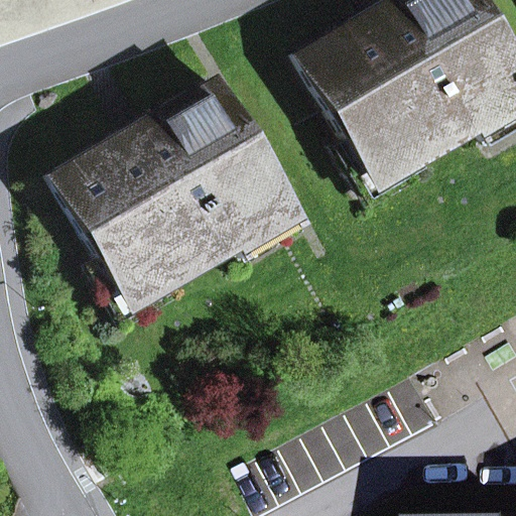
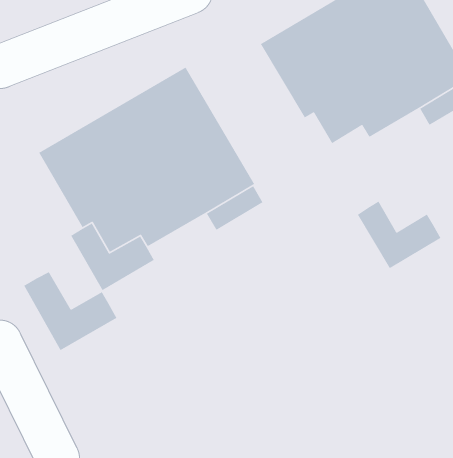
building: [337,125,430,201] -> [357,201,442,269]
building: none -> [23,271,117,351]

